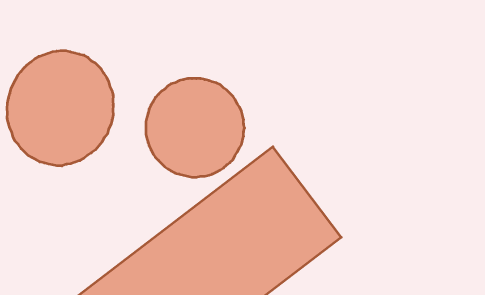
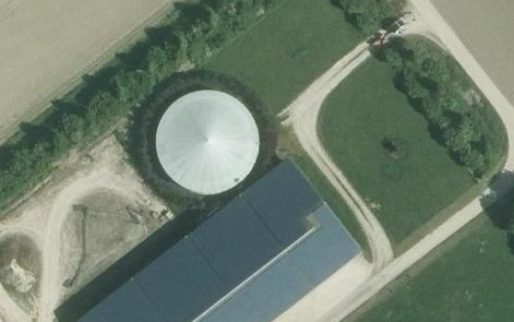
building: [7,51,113,166] -> none

